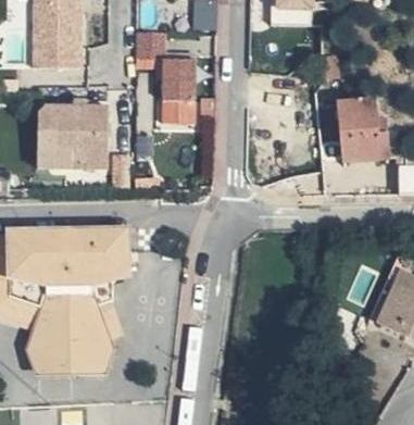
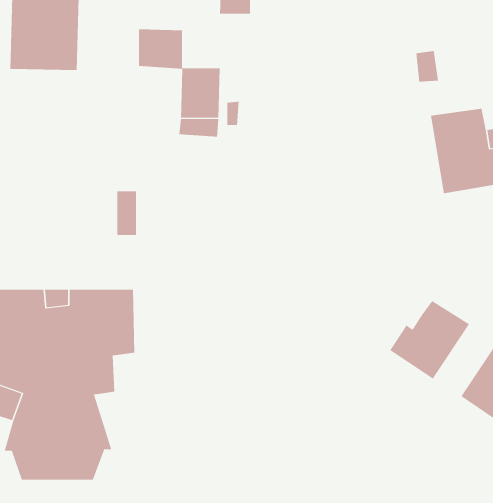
building: [32,107,108,172] -> none
building: none -> [389,300,470,379]

